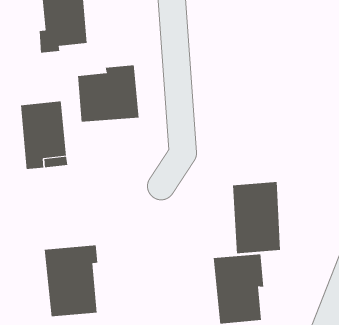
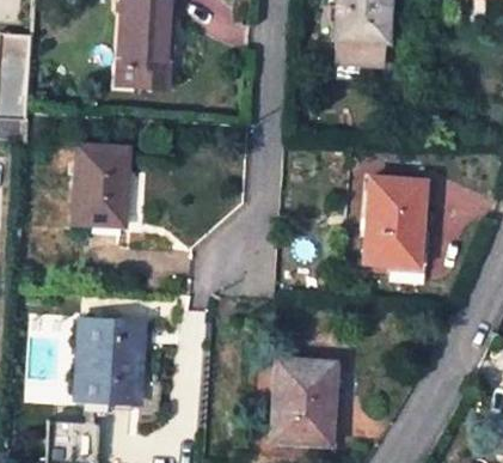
building: [77,64,139,122] -> none
building: [232,181,281,254] -> [366,176,427,261]

